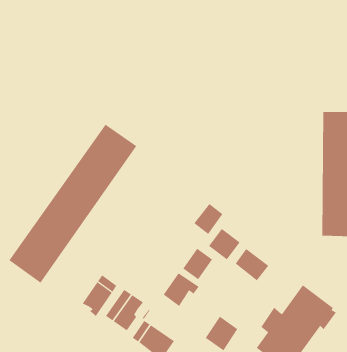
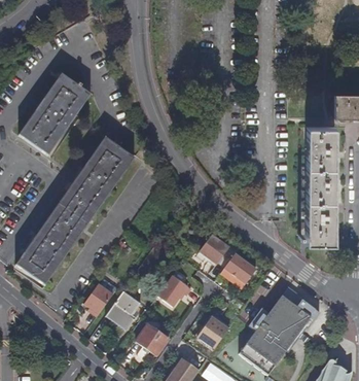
building: none -> [19,73,92,155]
building: [193,203,223,235] -> none
building: [182,248,213,280] -> none

